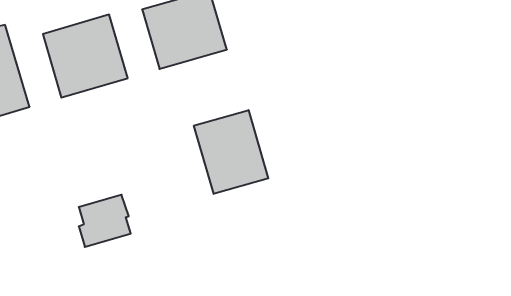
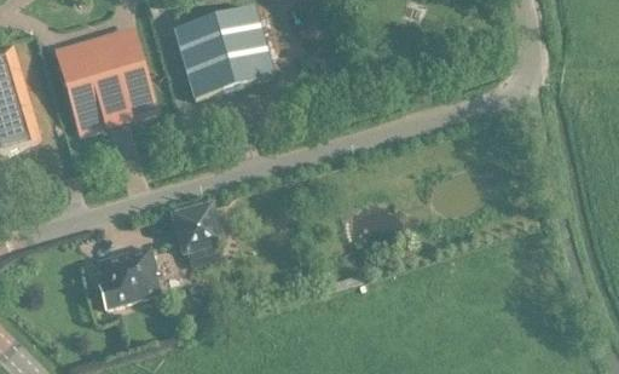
building: [194,110,268,194] -> none
building: none -> [173,203,221,252]

